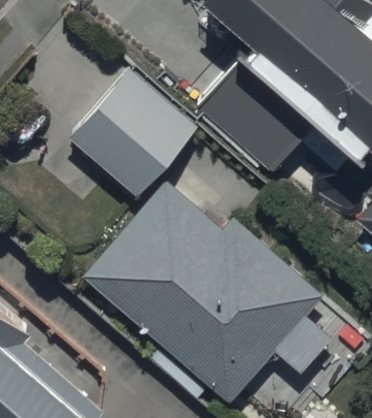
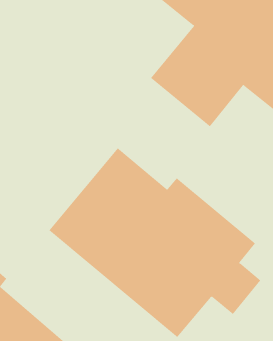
building: [71,73,195,197] -> none

